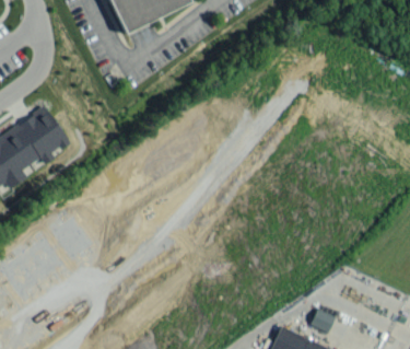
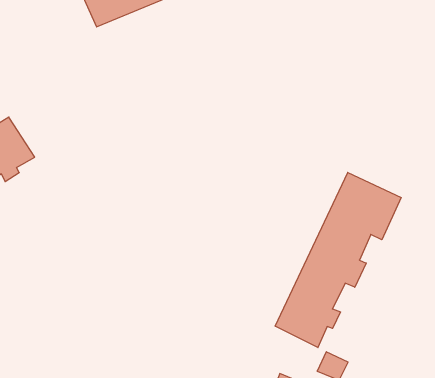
building: none -> [275,172,401,348]

